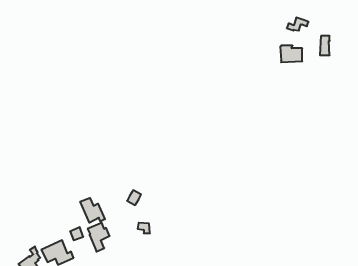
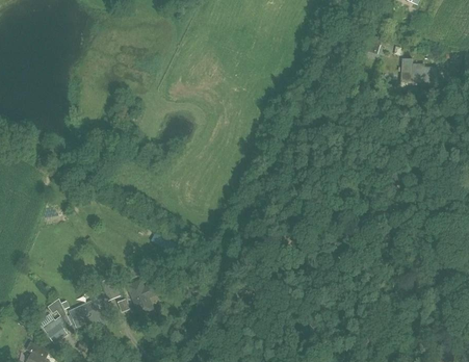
building: [280,46,302,62] -> [411,62,437,82]
building: [80,198,105,223] -> none

